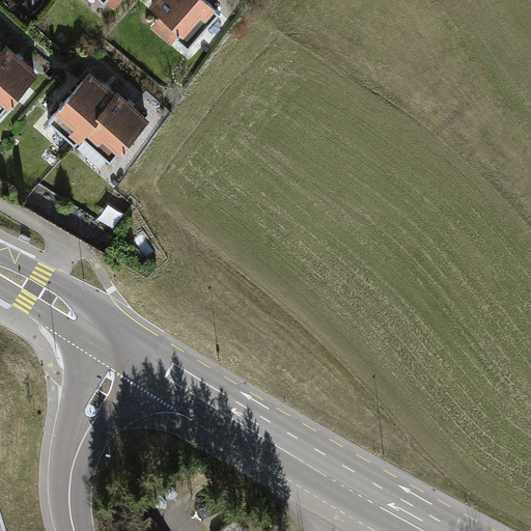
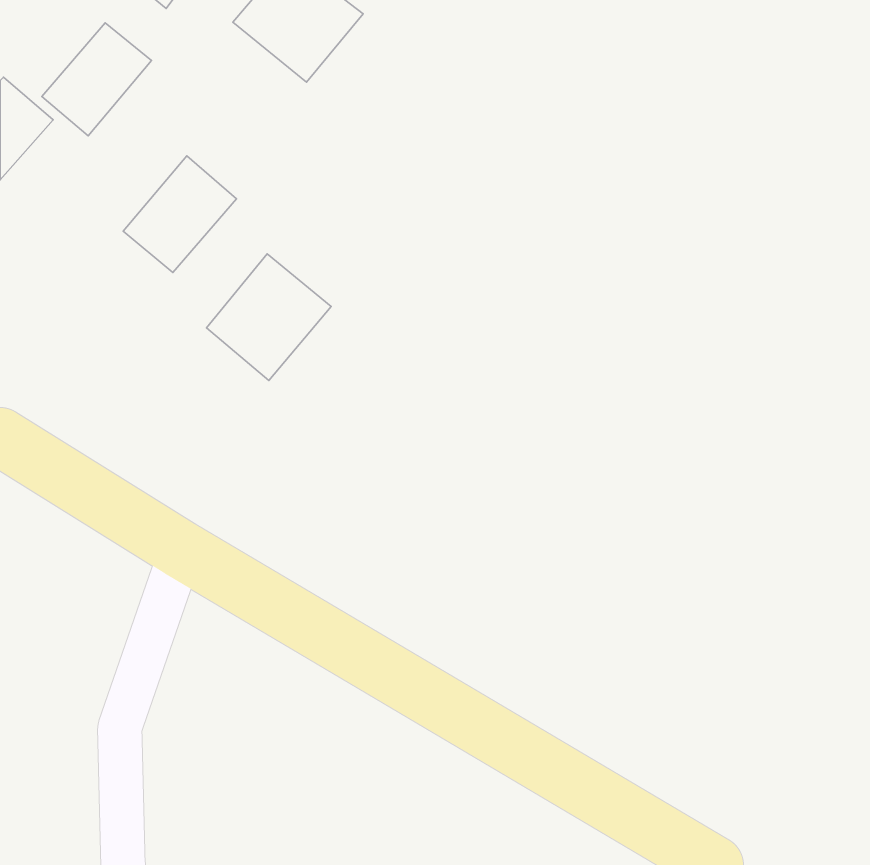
building: [50,72,116,140] -> [42,23,152,136]
building: none -> [207,254,331,381]

